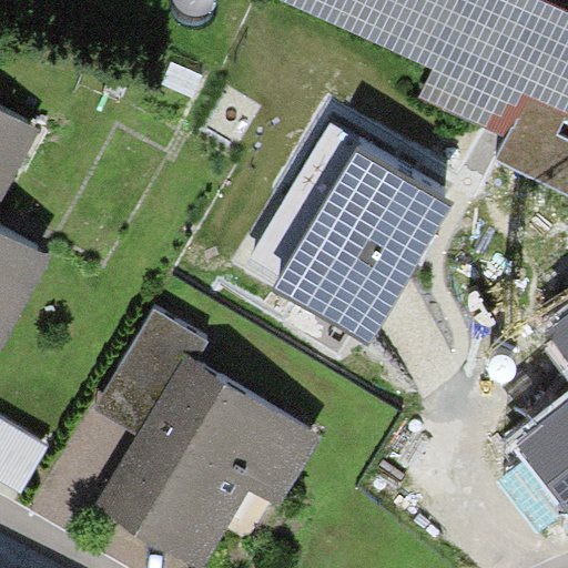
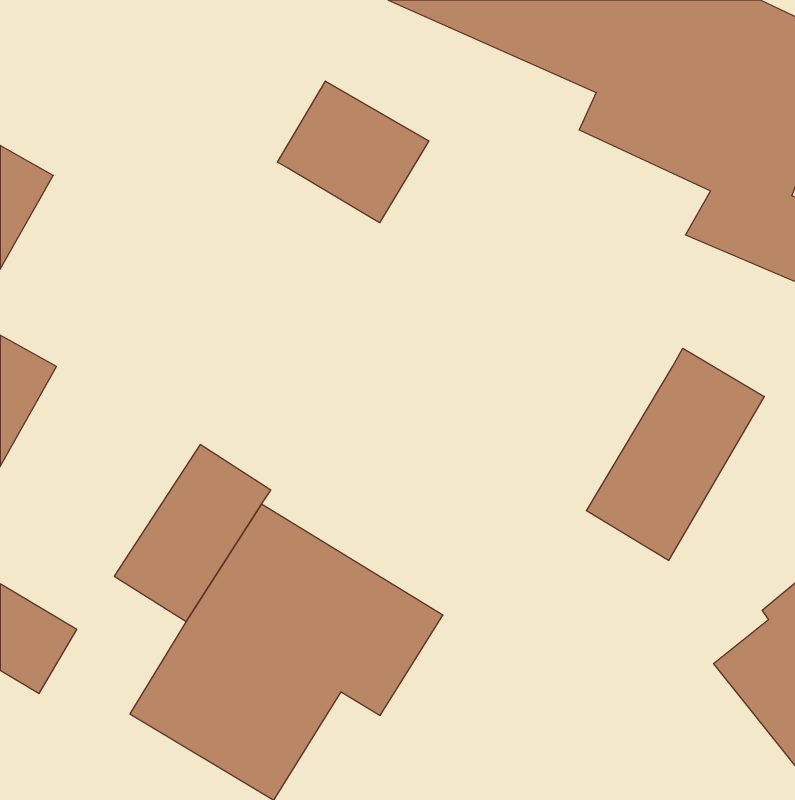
building: none -> [277,81,429,223]
building: [256,115,458,325] -> none
building: none -> [586,348,764,561]

